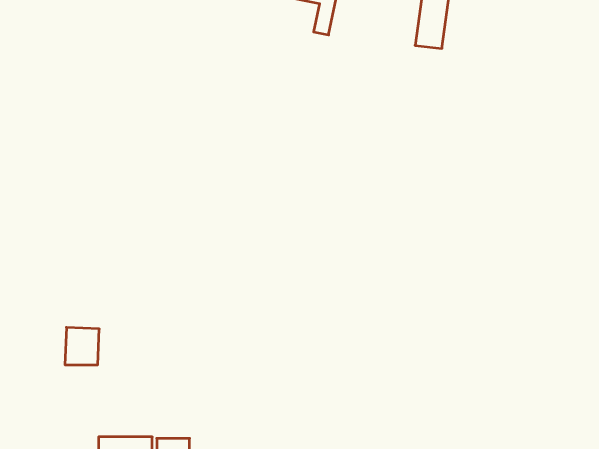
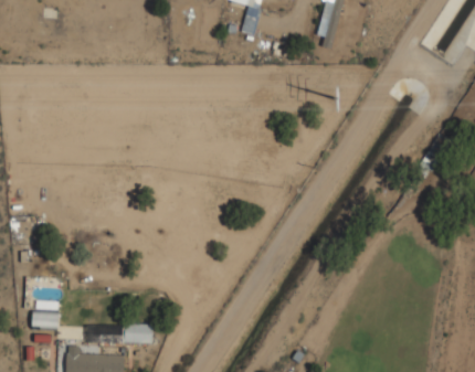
building: [65,327,99,365] -> [32,299,57,327]

